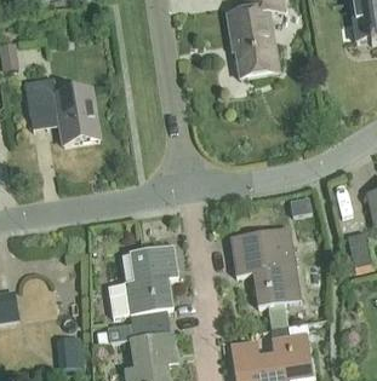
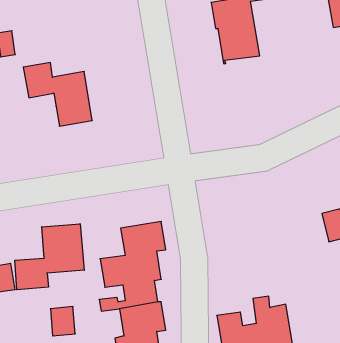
building: [230,226,298,305] -> none
building: none -> [15,224,84,290]

